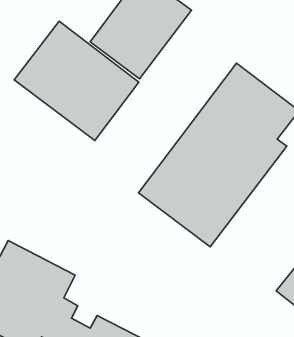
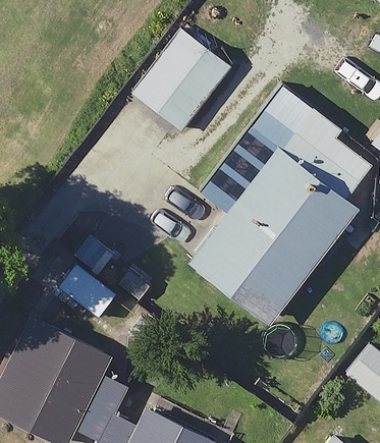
building: [14,21,139,140] -> none

